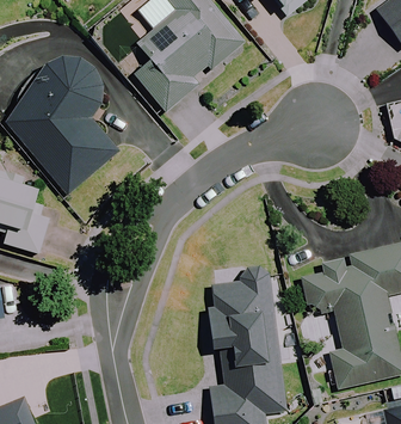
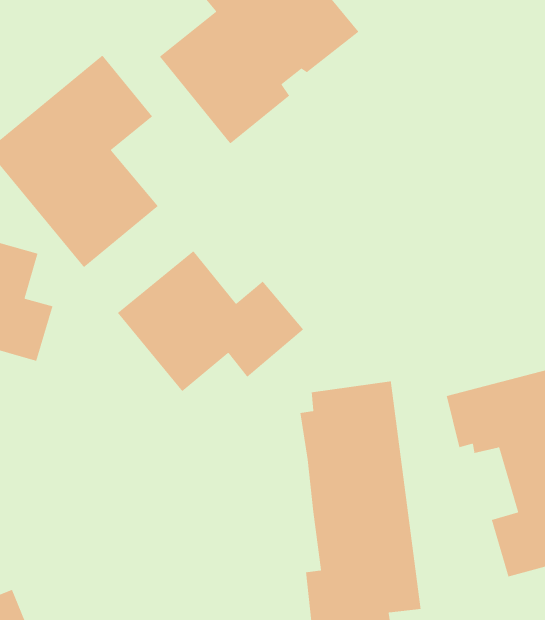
building: none -> [117,250,304,392]

